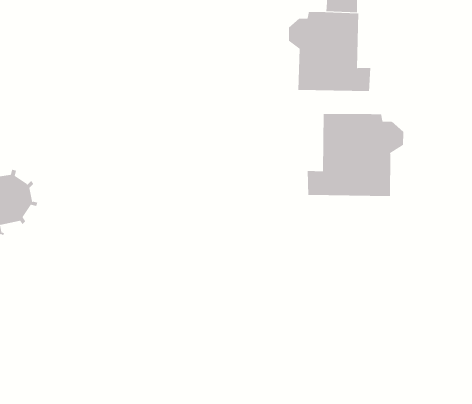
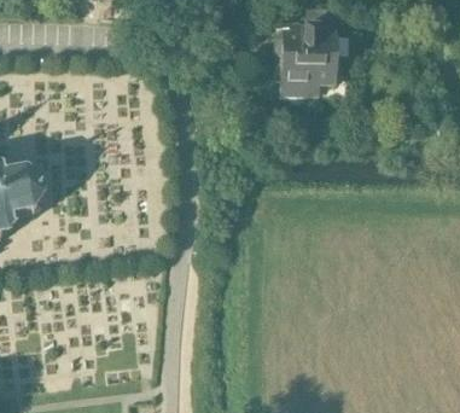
building: [307,113,404,197] -> none

